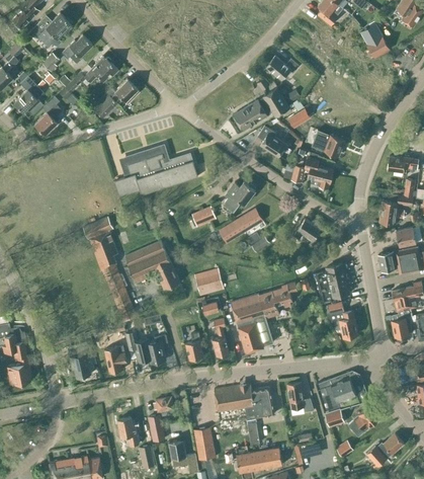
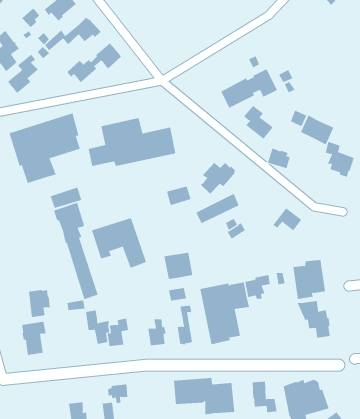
building: [266,57,299,80] -> none
building: none -> [9,113,80,184]
building: [305,157,333,189] -> [325,141,355,178]
building: [104,346,126,374] -> [28,289,51,318]

